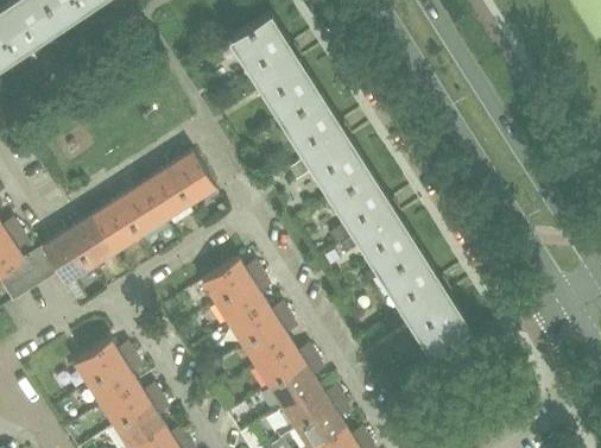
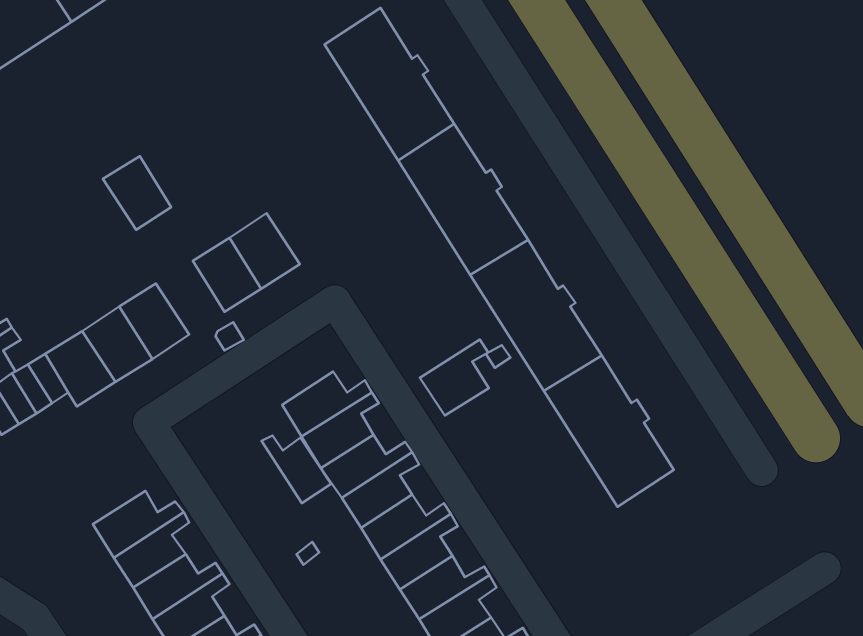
building: [116,185,163,235] -> [103,156,171,230]
building: none -> [420,339,489,416]
building: none -> [261,435,331,503]

